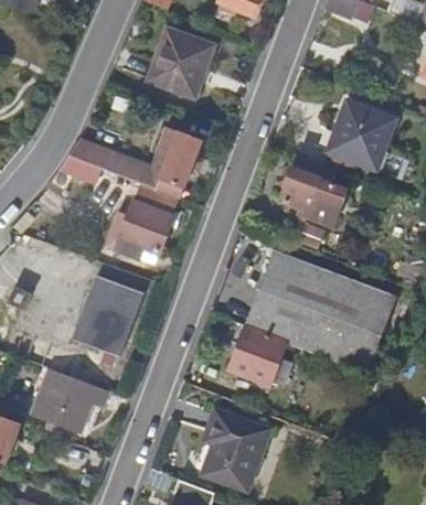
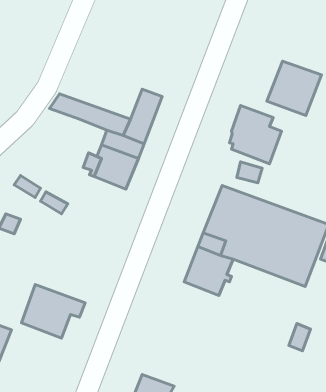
building: [147,31,212,97] -> none
building: [75,273,147,356] -> none
building: [196,407,263,488] -> none

